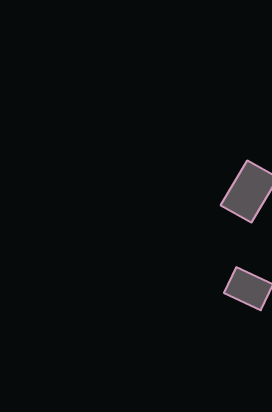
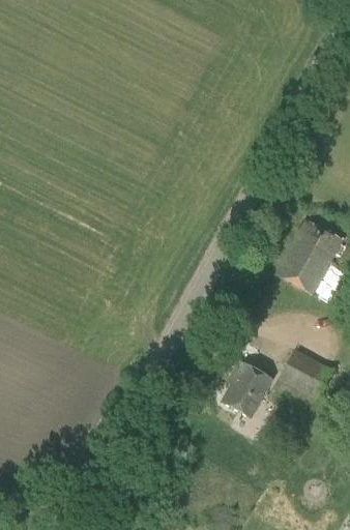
building: none -> [222,358,274,417]

